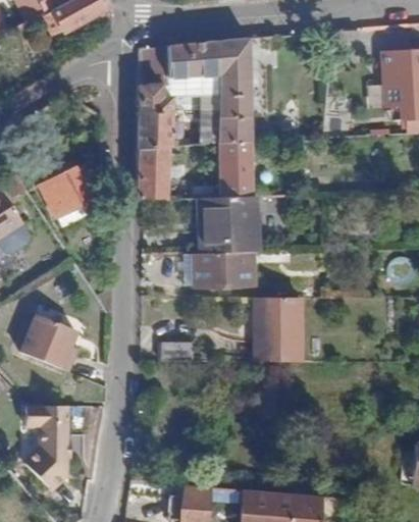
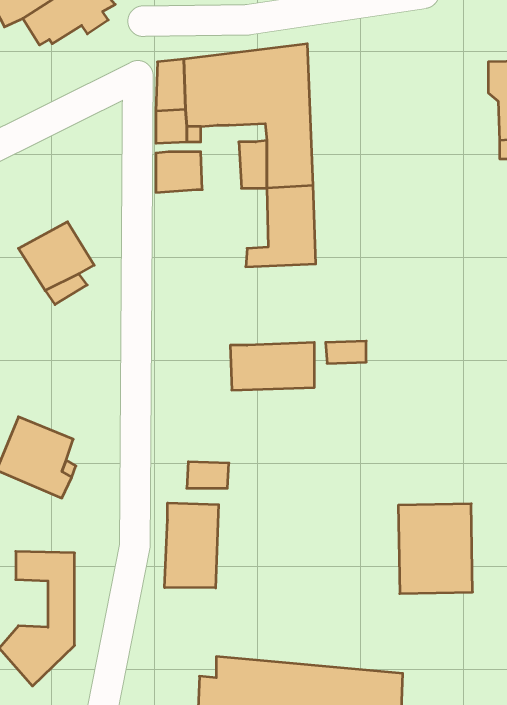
building: [138,143,168,202] -> none
building: [201,197,259,256] -> none
building: [257,298,311,363] -> [398,504,473,594]
building: none -> [165,503,219,588]

